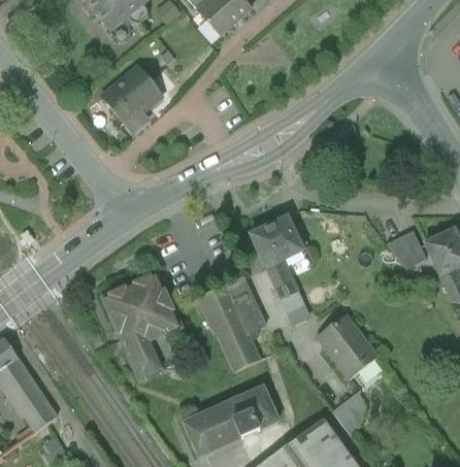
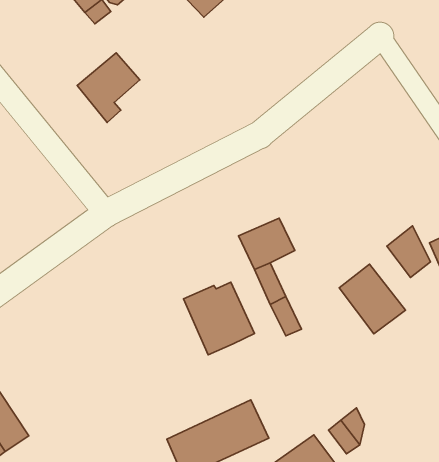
building: [102,270,180,379] -> none
building: [318,316,379,380] -> [339,264,405,334]
building: [223,334,257,369] -> none

